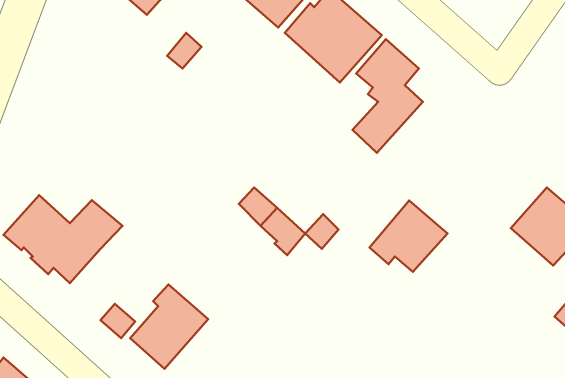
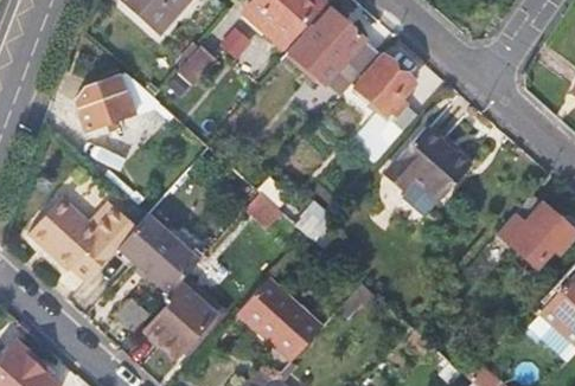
building: none -> [81,76,138,134]
building: [369,200,447,272] -> [390,124,462,191]
building: none -> [119,215,199,295]
building: none -> [239,282,321,360]

